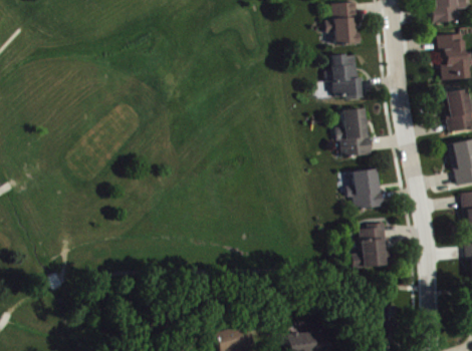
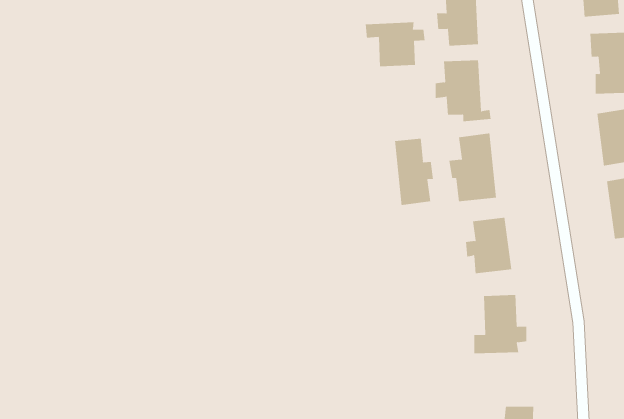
building: none -> [365,21,425,67]
building: none -> [394,138,434,206]

